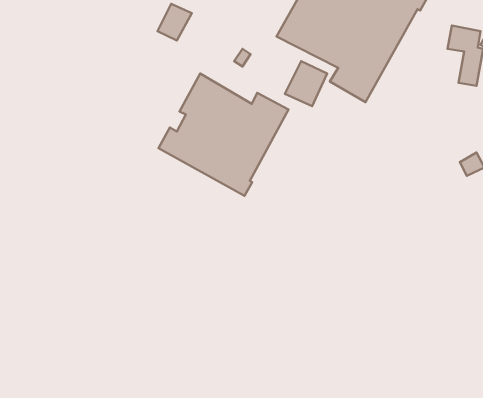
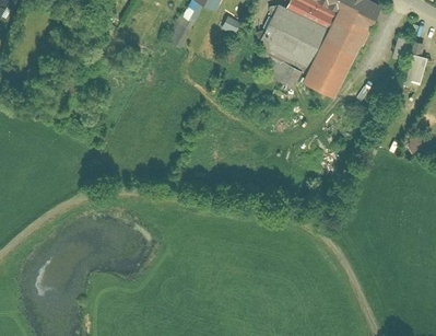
building: [158,74,289,196] -> none

